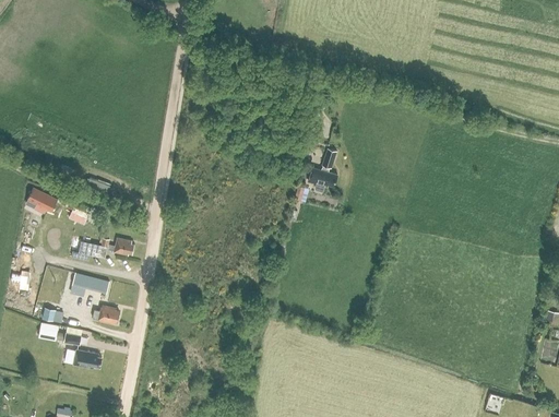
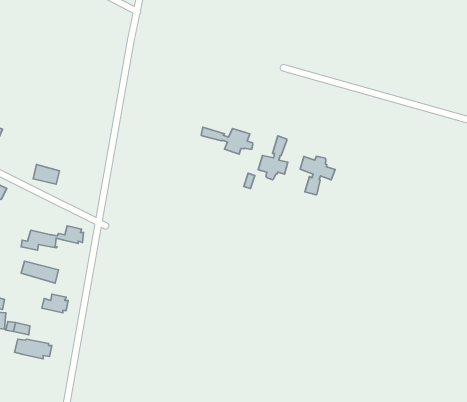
building: none -> [201,127,253,154]
building: none -> [300,157,335,195]

